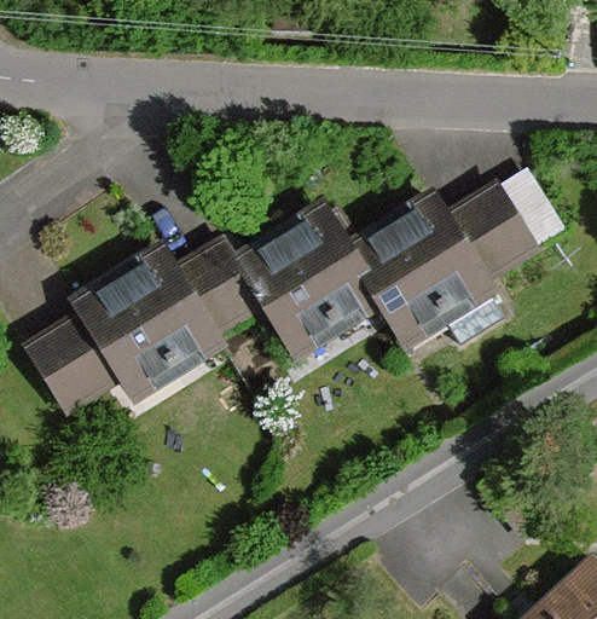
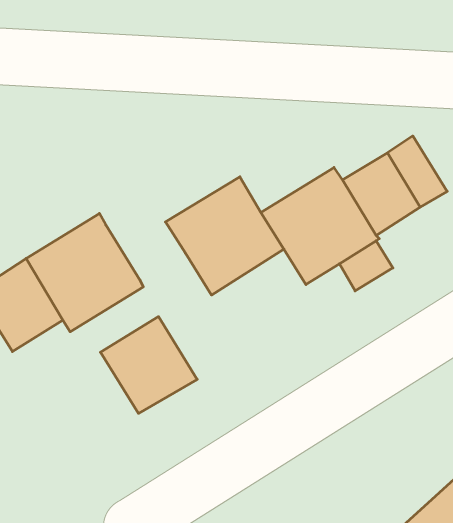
building: [173,238,265,334] -> none
building: none -> [100,317,197,413]

